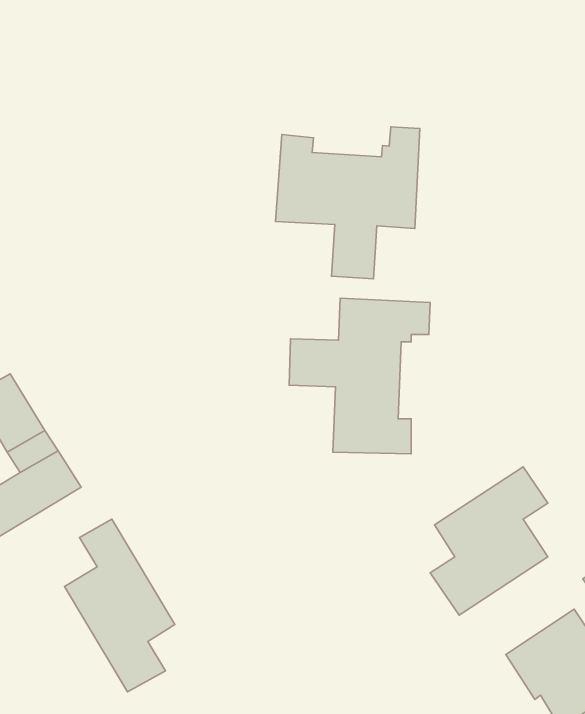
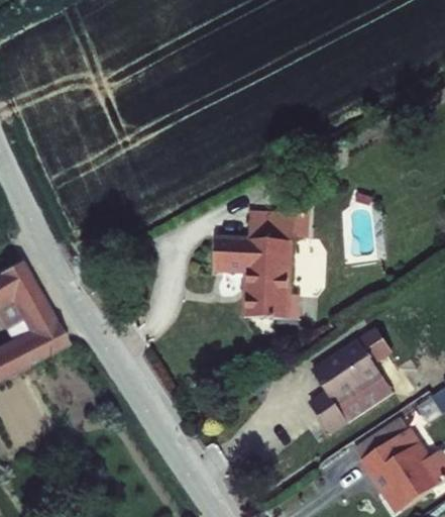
building: [276,127,420,279] -> none
building: [64,519,175,692] -> none

